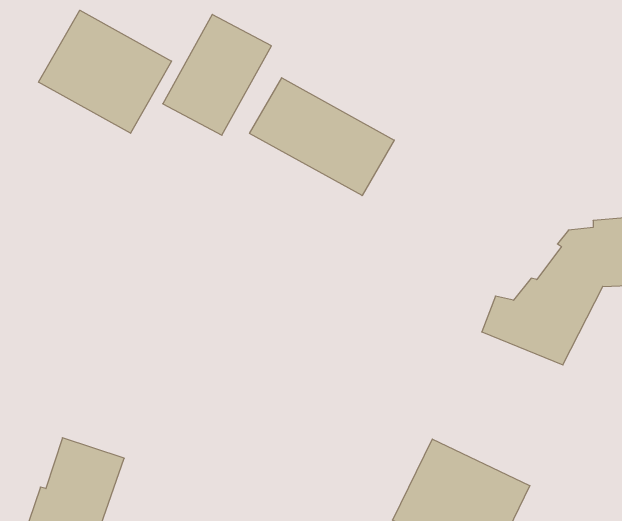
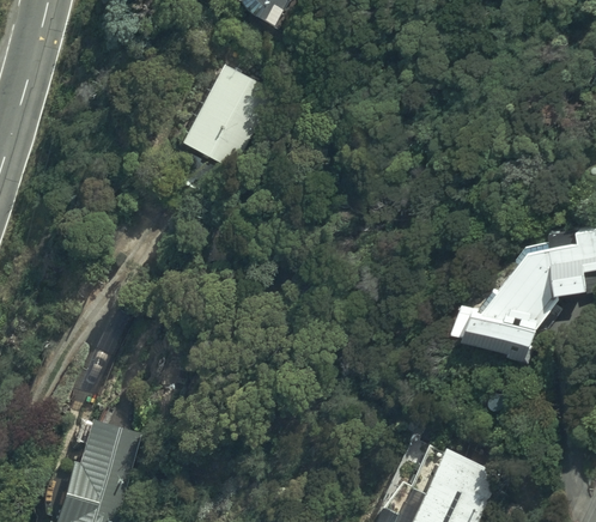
building: [39,10,172,133] -> none
building: [250,78,394,196] -> none

